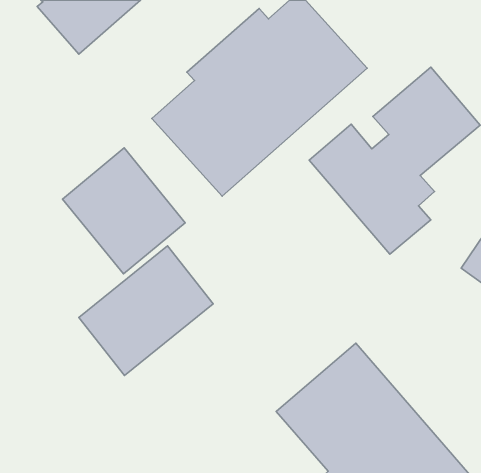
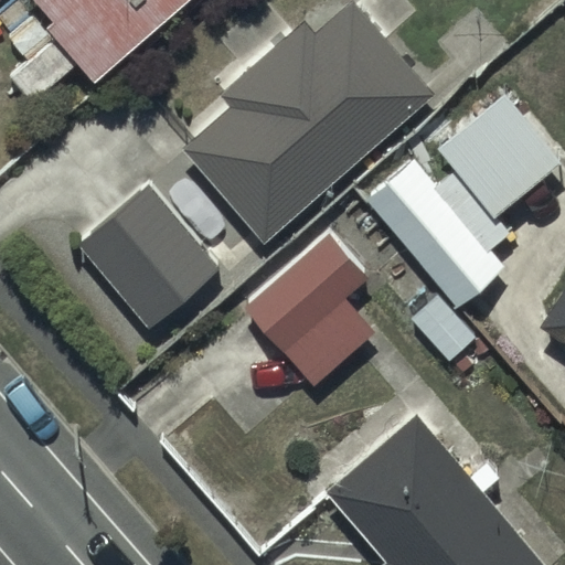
building: none -> [242,231,375,387]
building: [79,246,213,375] -> none

